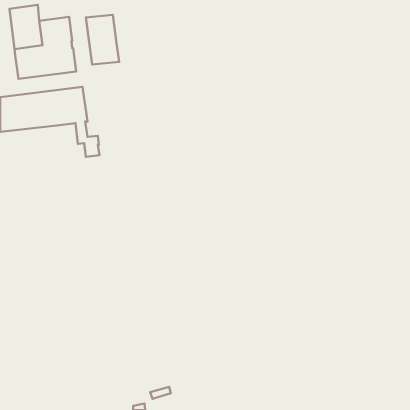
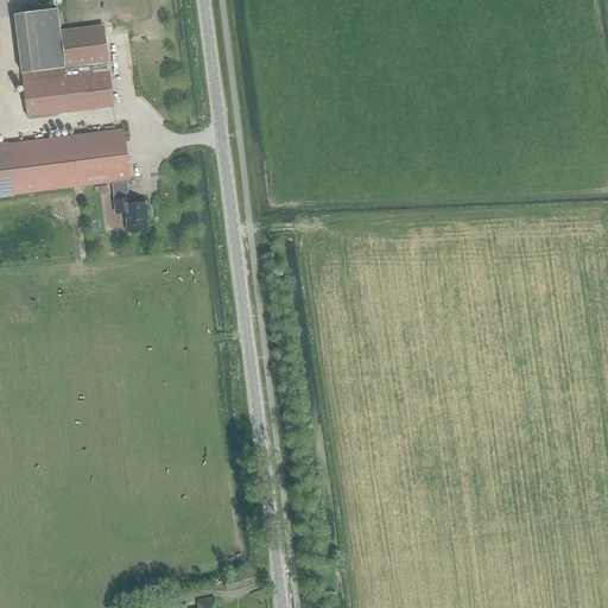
building: [86,15,119,65] -> none

